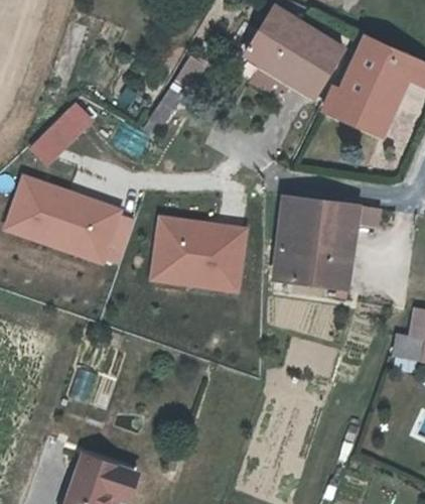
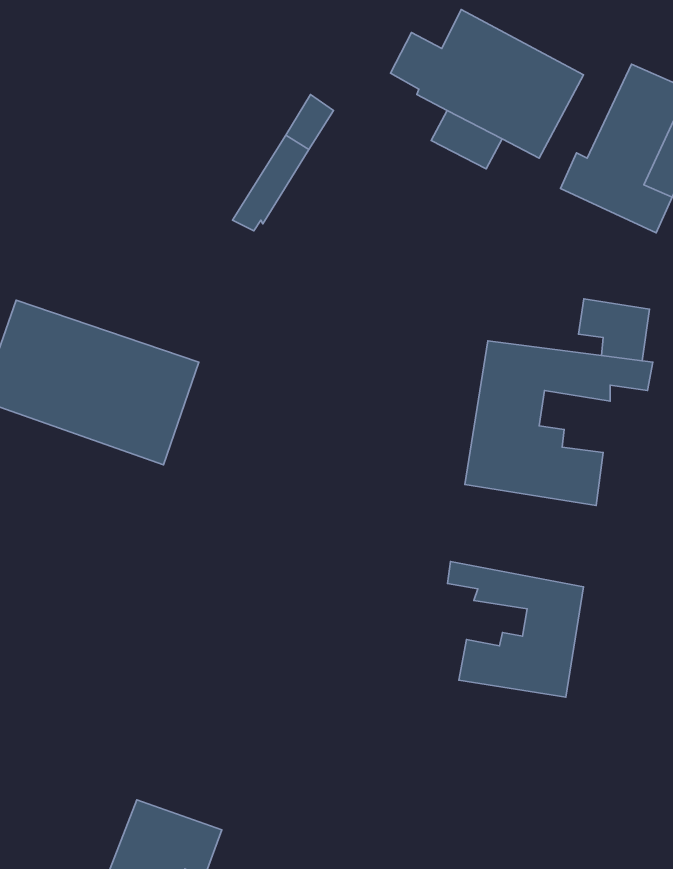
building: [25,102,94,168] -> none
building: [146,215,248,294] -> none
building: [316,225,357,260] -> [578,299,649,361]
building: none -> [448,562,584,697]

